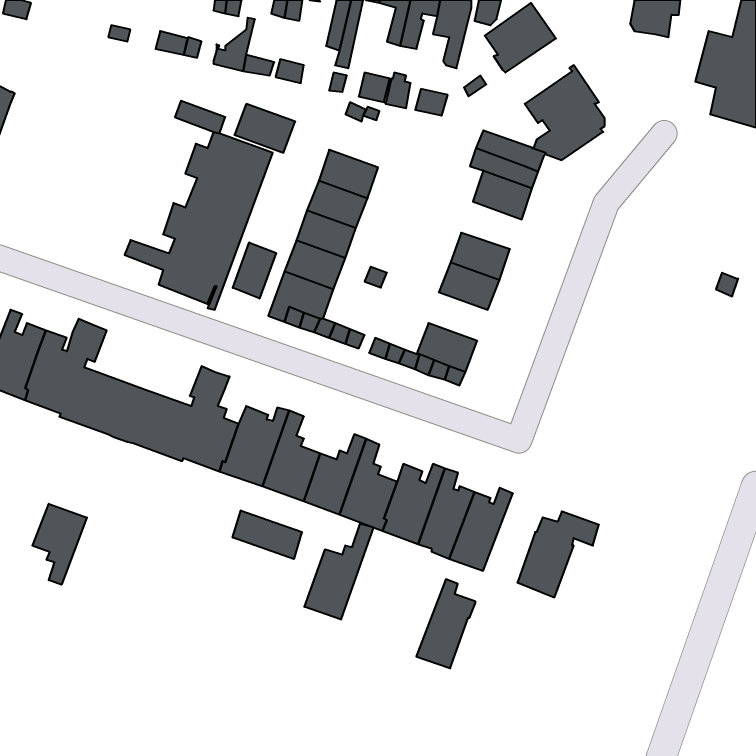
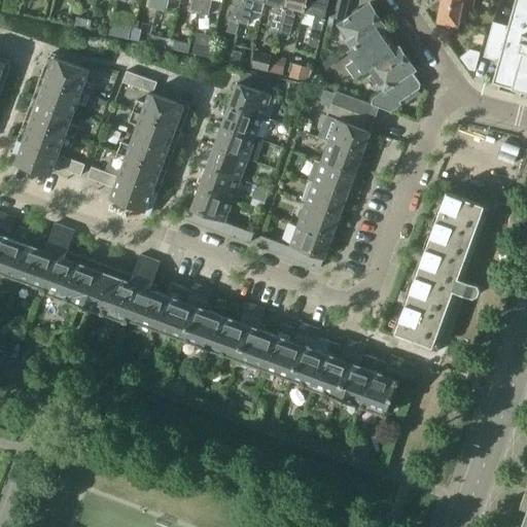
building: none -> [345,30,397,79]
building: none -> [8,56,93,177]
building: [234,104,295,153] -> [229,83,271,117]
building: none -> [320,141,362,174]
building: [233,242,276,299] -> none
building: none -> [398,192,484,353]
building: none -> [297,204,339,238]
building: [32,504,87,585] -> none
building: [233,510,302,559] -> none
building: [304,523,373,620] -> none
building: [416,579,475,668] -> [336,344,377,406]

